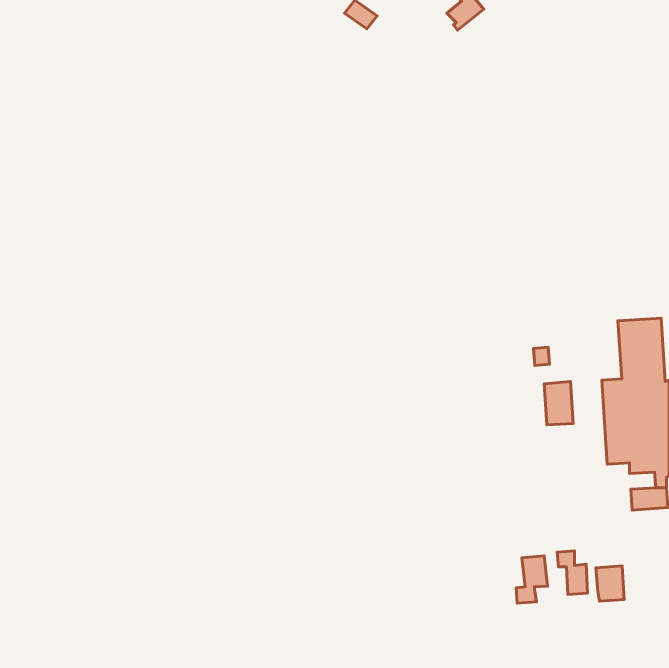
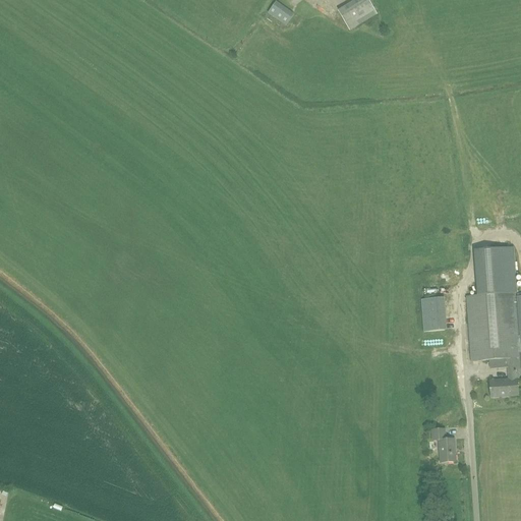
building: [516,556,548,603] -> none
building: [596,566,624,601] -> none

